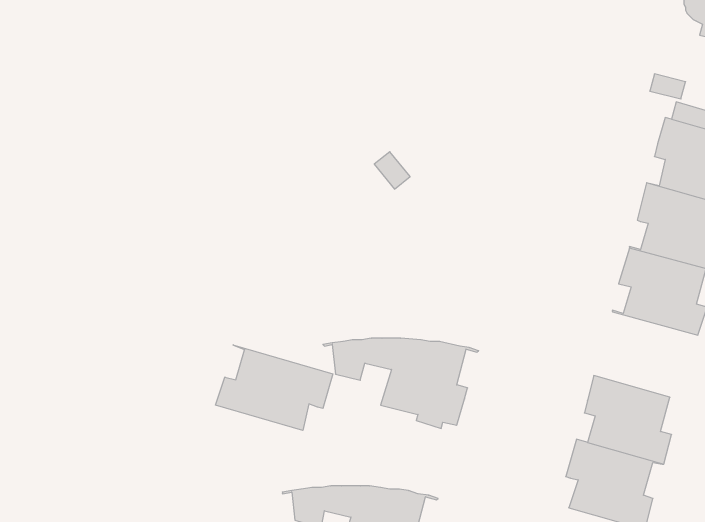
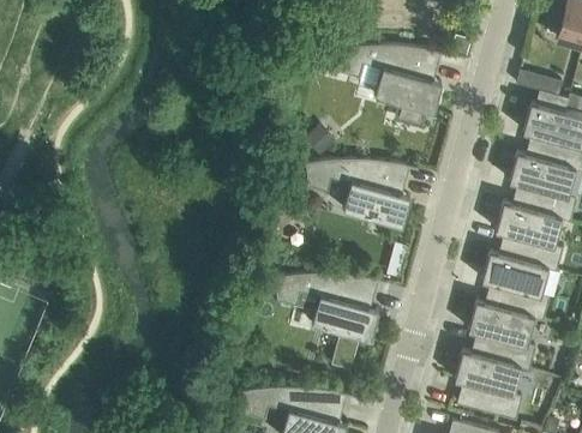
building: none -> [330,46,450,125]
building: none -> [299,160,419,227]
building: none -> [476,253,557,321]
building: [215,345,333,430] -> none

